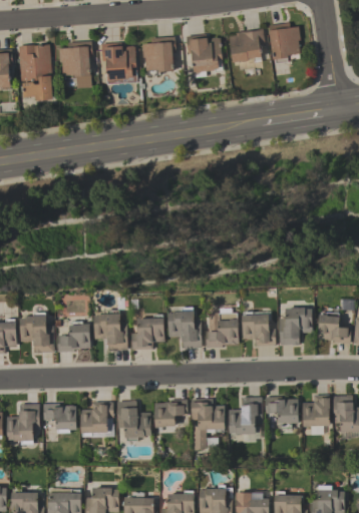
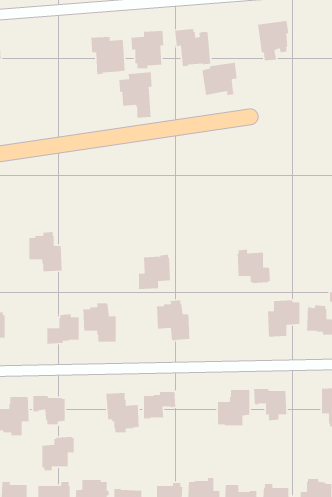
building: [229,28,265,62] -> [202,62,238,96]
building: [58,40,92,87] -> [118,72,152,119]
building: [18,44,53,100] -> none
building: [242,311,276,346] -> [237,249,271,284]
building: [20,312,54,353] -> [29,231,63,272]
building: [206,313,239,347] -> none
building: [131,314,164,350] -> [138,254,171,290]
building: [302,395,330,426] -> none
building: [191,398,225,450] -> none
building: [80,401,113,436] -> [42,436,75,471]

